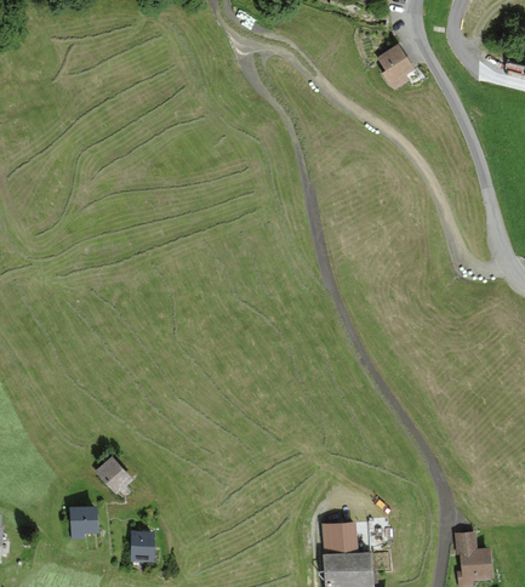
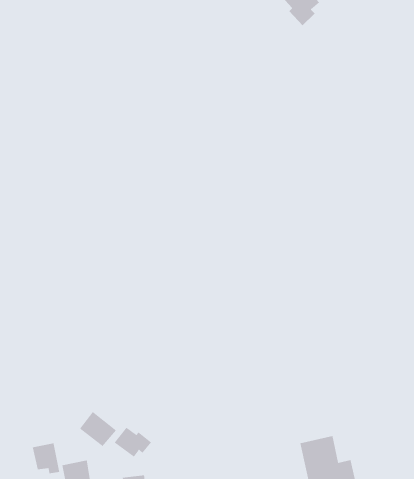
building: none -> [114,427,152,458]
building: none -> [32,443,60,474]

